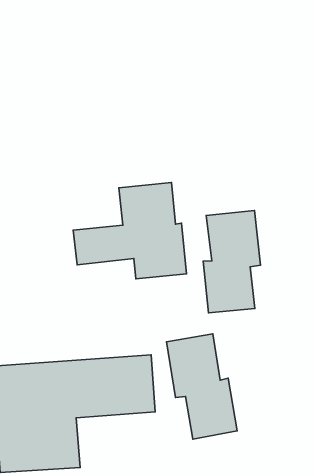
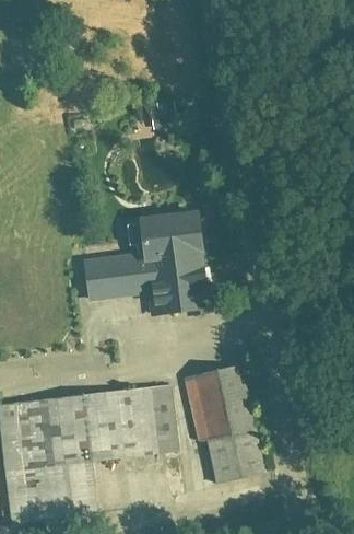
building: [203,211,261,313] -> none

